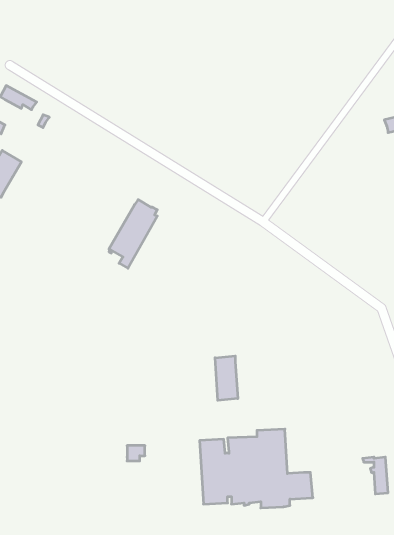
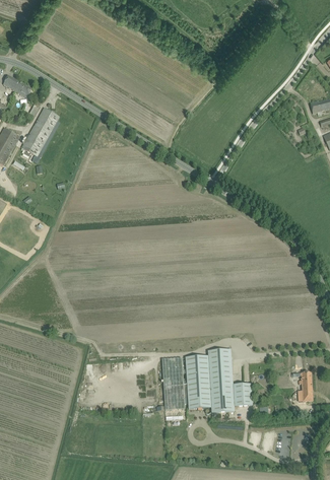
building: [109,200,157,268] -> [21,108,60,162]
building: [215,356,238,400] -> none

